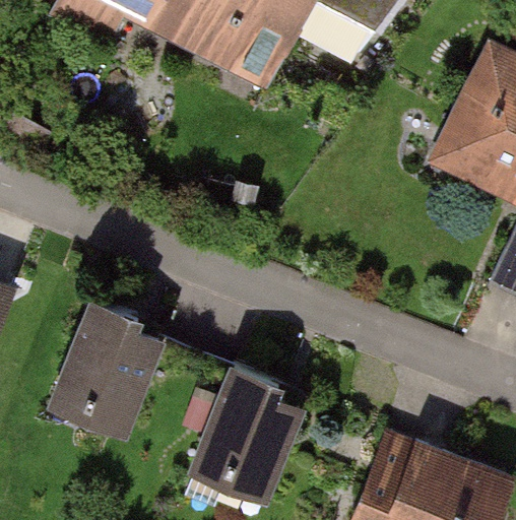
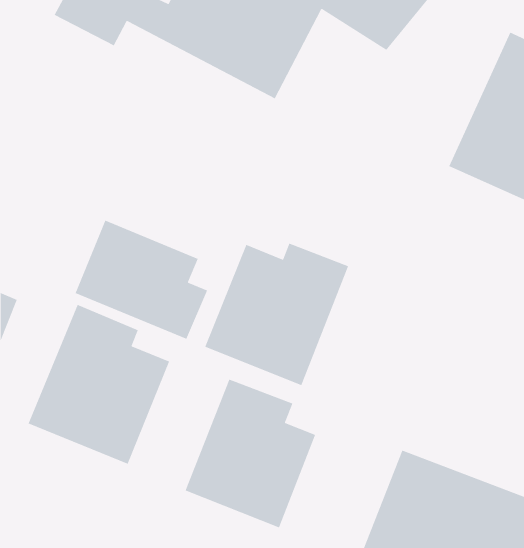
building: none -> [74,219,208,340]
building: none -> [204,243,349,386]

